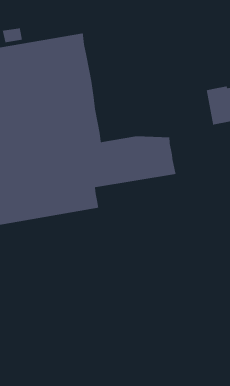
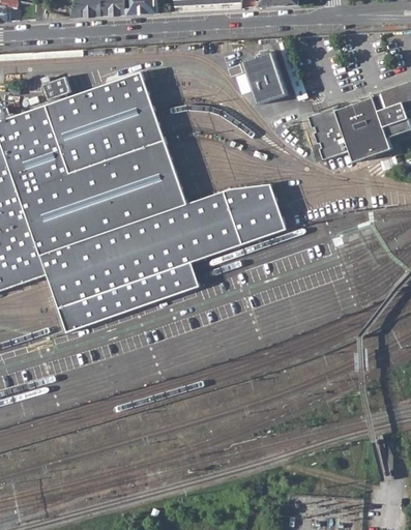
building: none -> [242,51,287,105]

